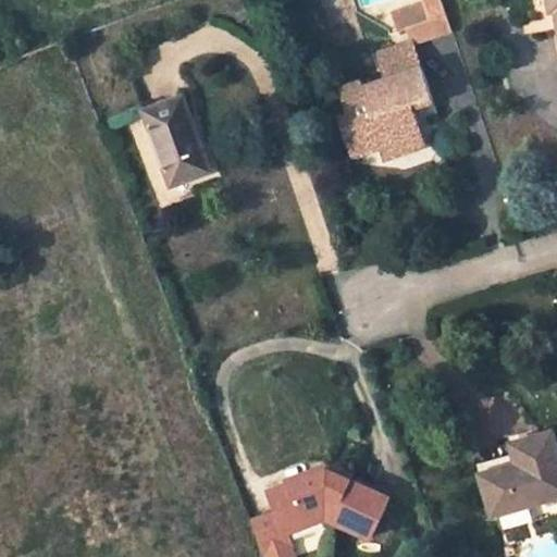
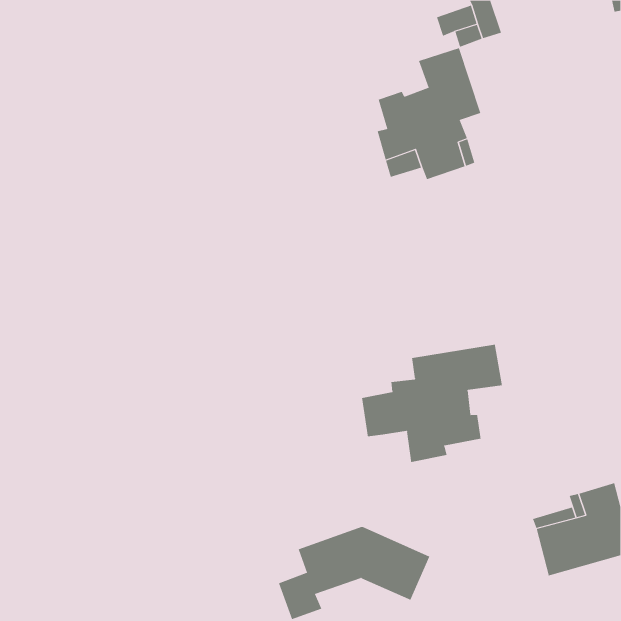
building: [144,98,207,185] -> none
building: none -> [361,344,503,463]

